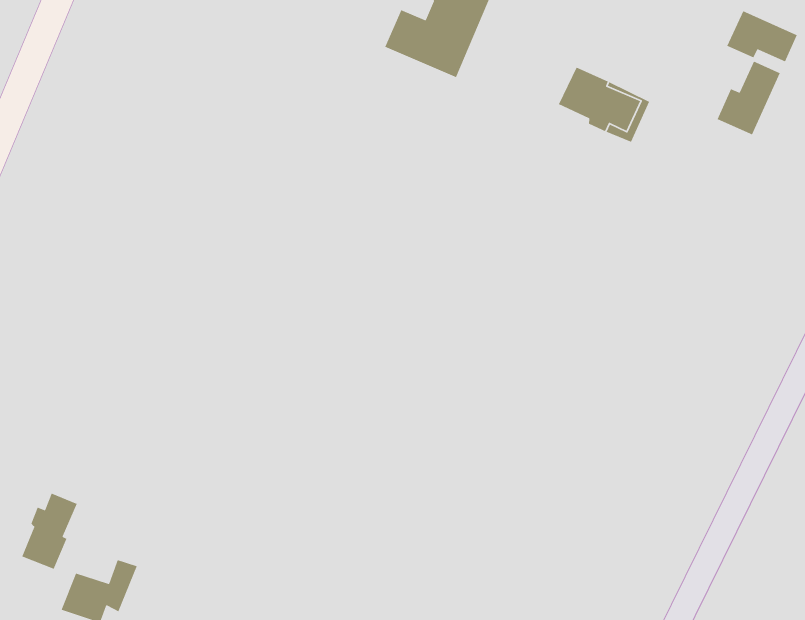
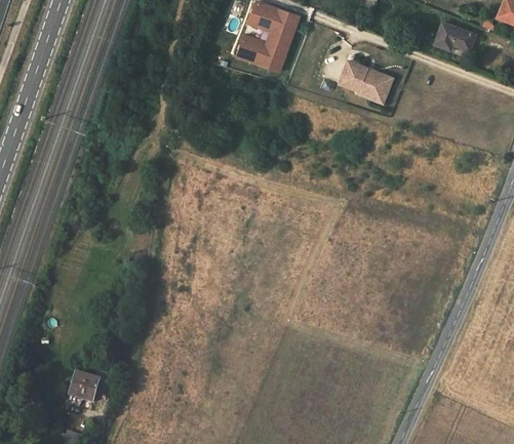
building: [716,61,781,135] -> none
building: [21,493,78,570] -> none

